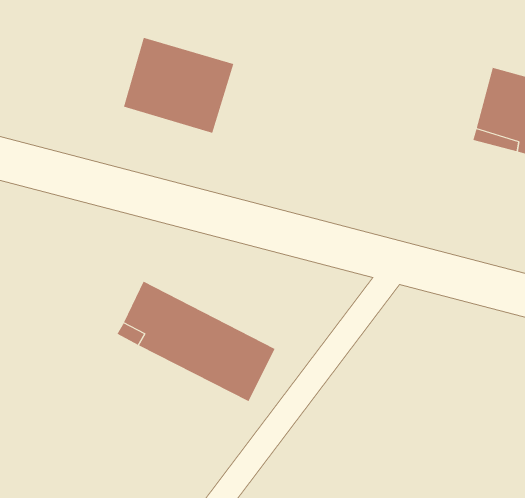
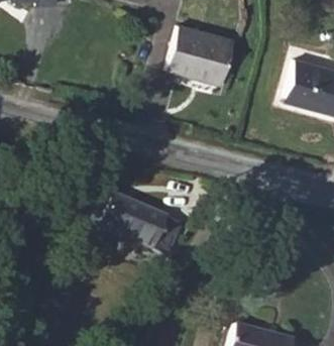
building: [123,37,234,133] -> [164,25,232,84]

